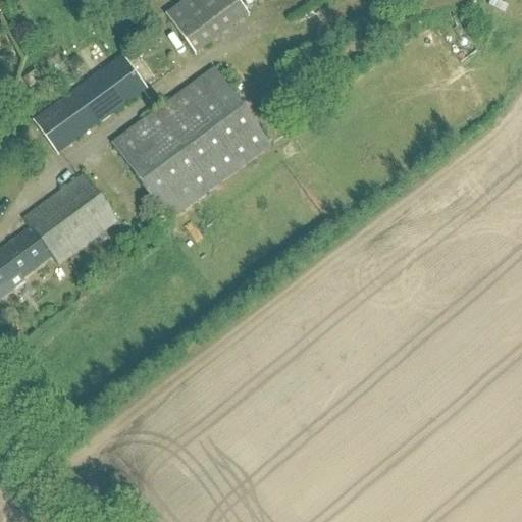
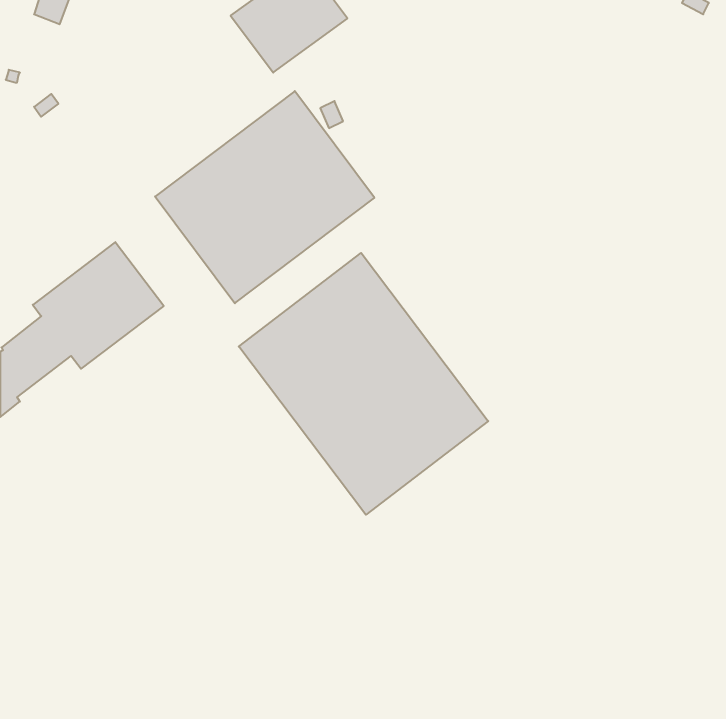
building: [35,54,145,149] -> none
building: none -> [239,253,488,515]

